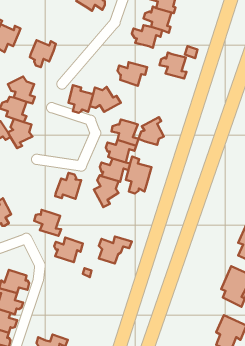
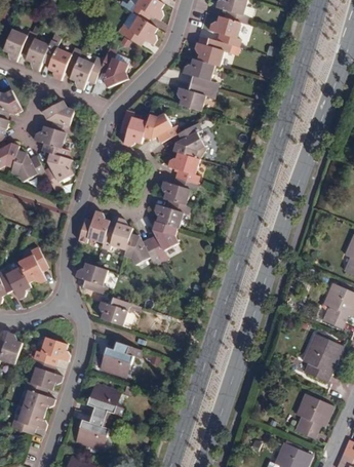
building: none -> [120,15,156,45]
building: none -> [48,47,80,80]
building: none -> [99,49,128,87]
building: [160,53,187,79] -> [183,57,215,89]
building: [139,117,164,145] -> [172,123,203,157]
building: [126,157,152,193] -> none
building: none -> [78,209,109,242]
building: none -> [123,233,158,265]
building: [99,236,132,263] -> [101,342,141,375]
building: none -> [85,382,118,421]

